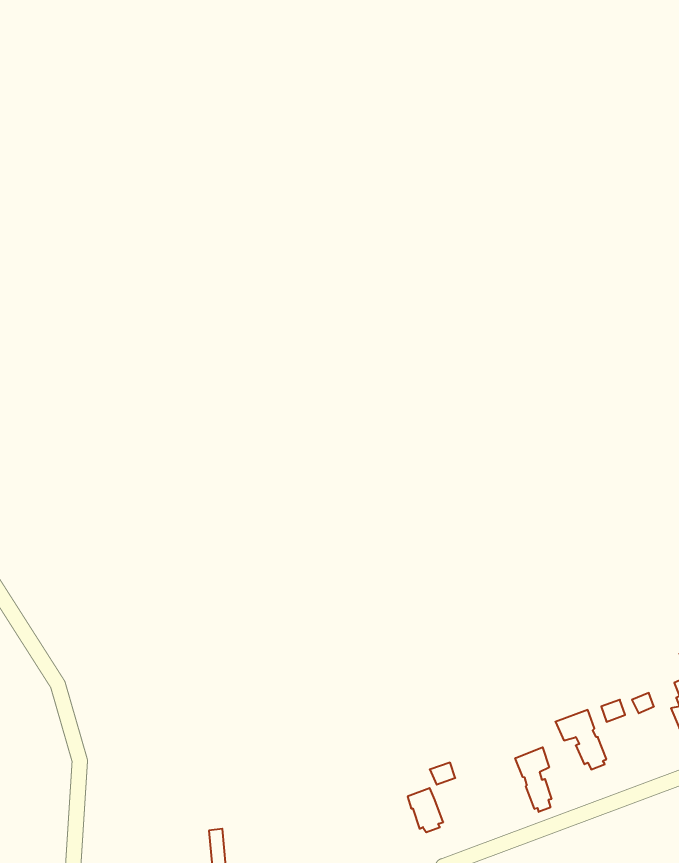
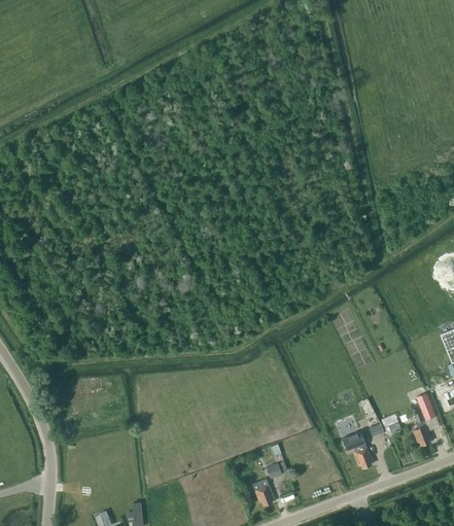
building: [515,747,551,812] -> none

